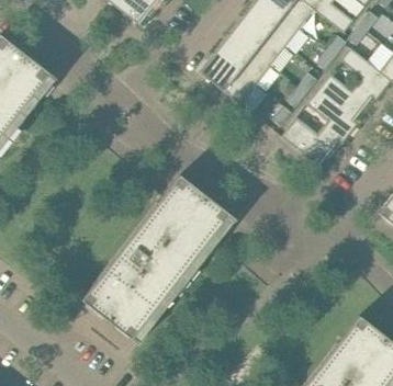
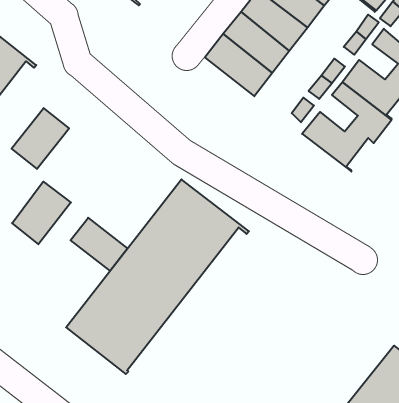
building: none -> [12,108,69,169]
building: none -> [12,182,71,244]
building: none -> [71,218,128,271]

